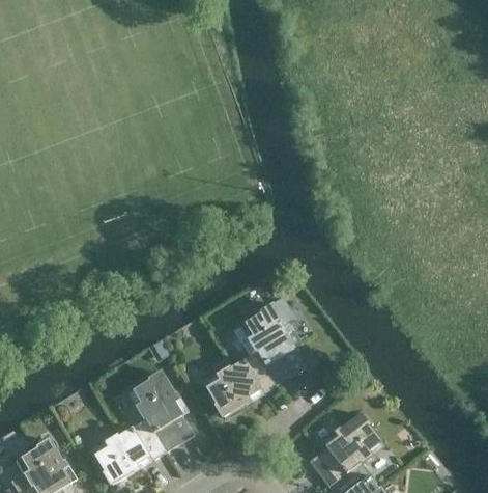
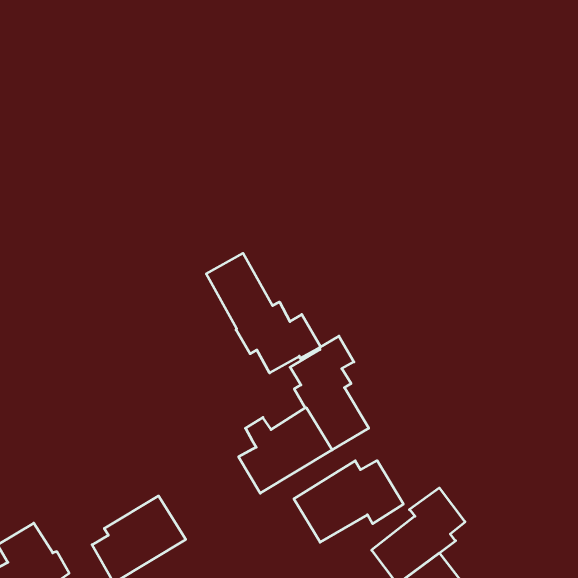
building: none -> [206,253,321,373]
building: [134,371,194,450] -> none
building: none -> [294,461,403,542]

